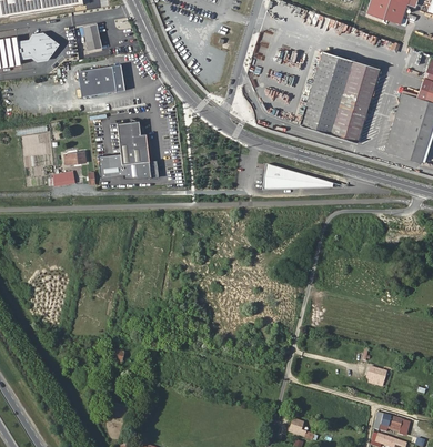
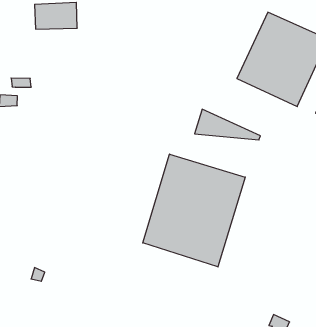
building: [100,122,158,183] -> none
building: none -> [143,154,245,267]

